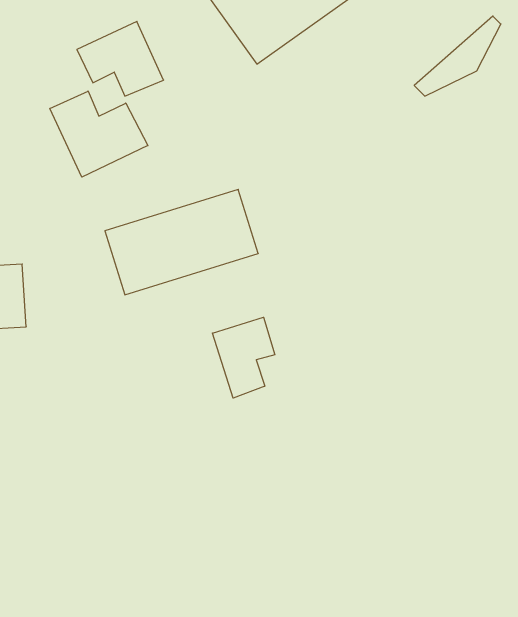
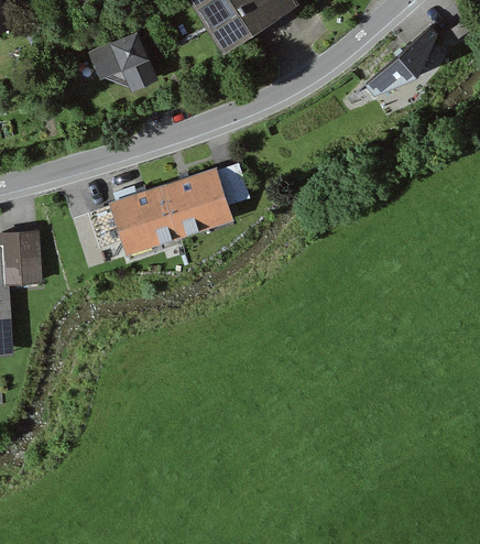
building: [50,91,148,177] -> none
building: [212,317,275,398] -> none

